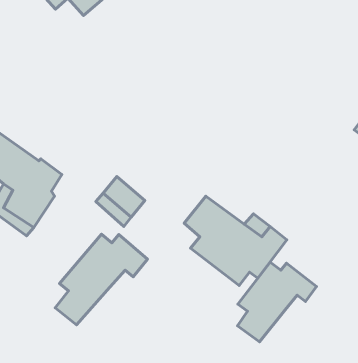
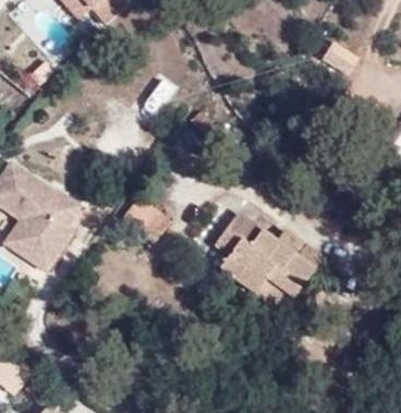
building: [55,234,147,325] -> none
building: [237,262,316,342] -> none

